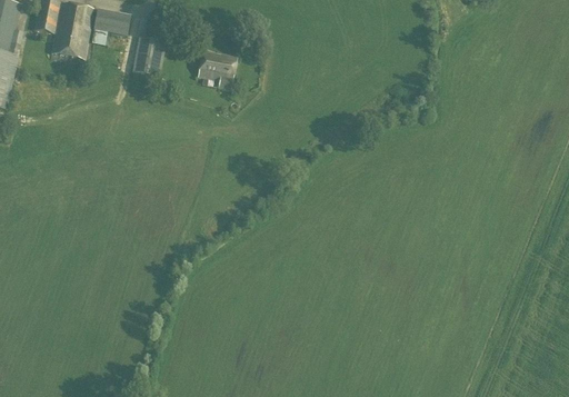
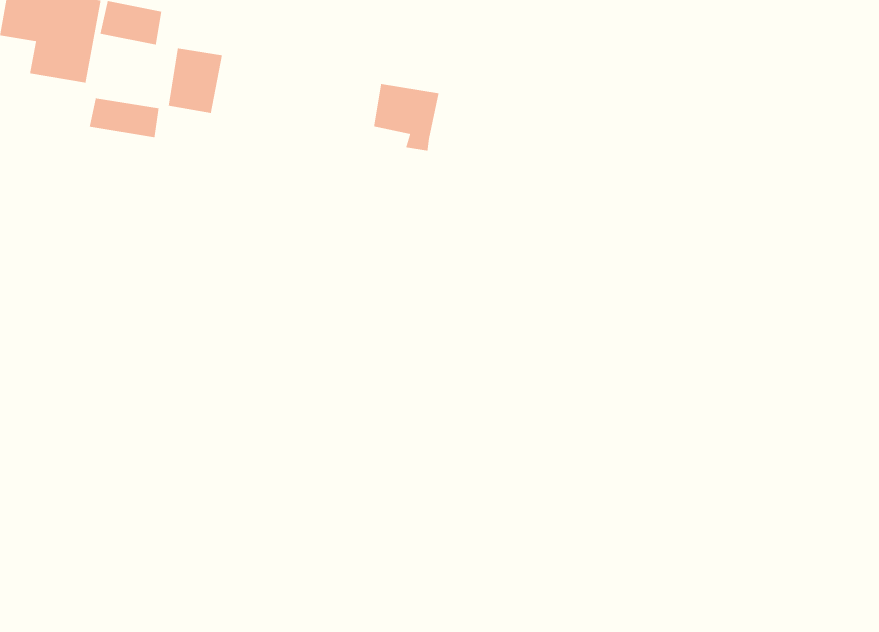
building: [196,48,234,88] -> [373,83,439,152]
building: none -> [89,97,159,138]

